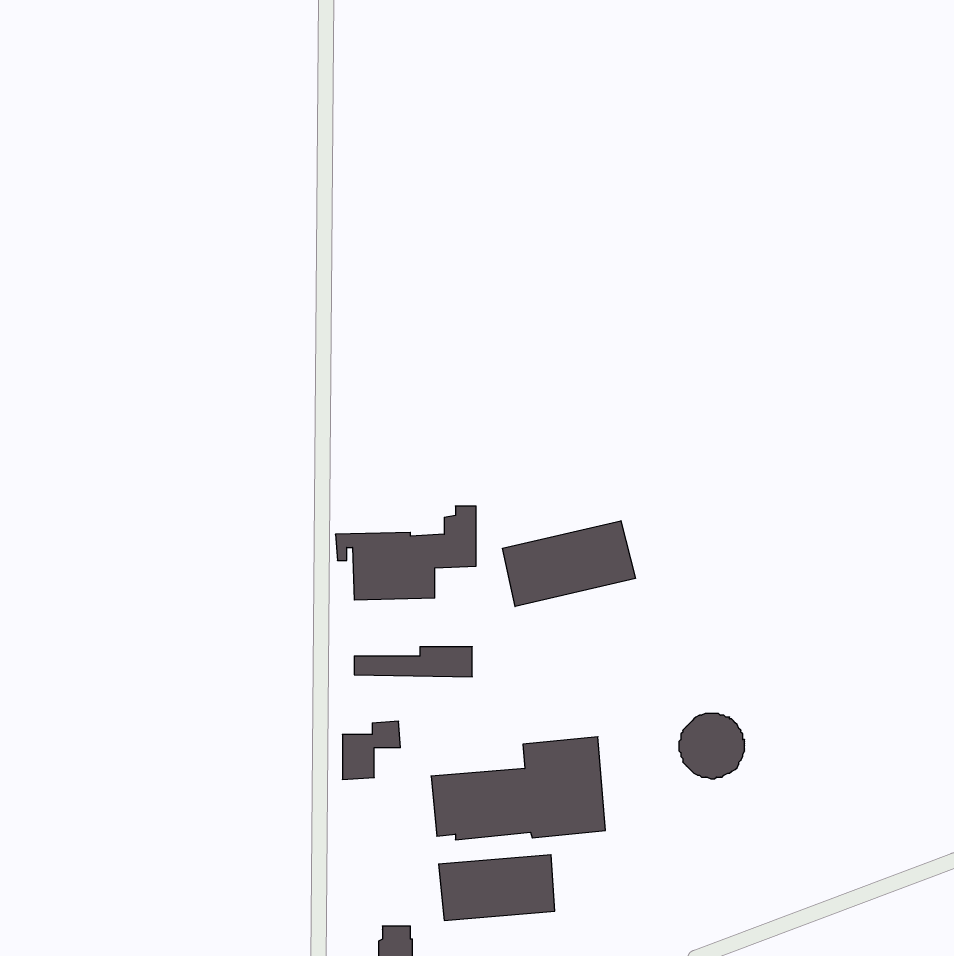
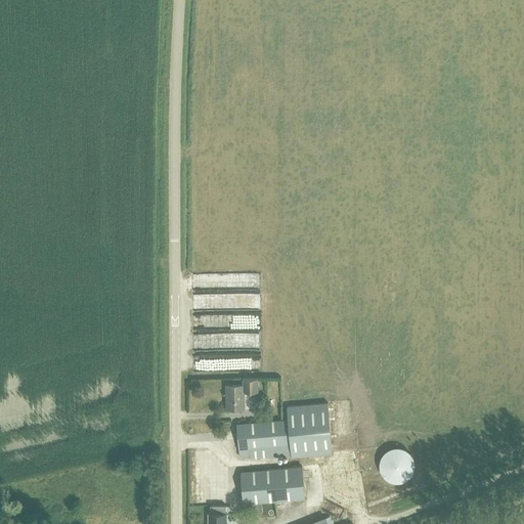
building: [503,521,635,607] -> none
building: [679,713,745,779] -> [378,448,413,484]
building: [342,721,400,779] -> [225,379,257,410]

